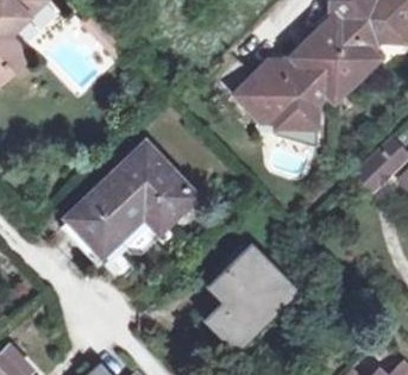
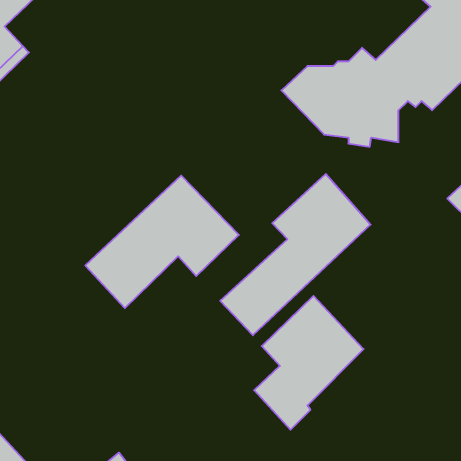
building: none -> [220,174,371,335]

